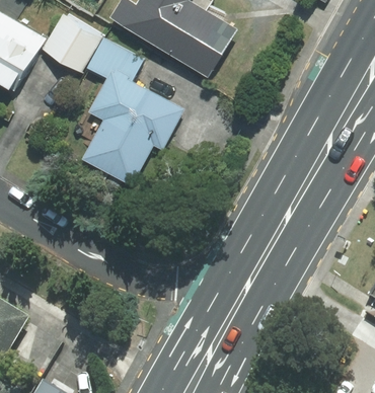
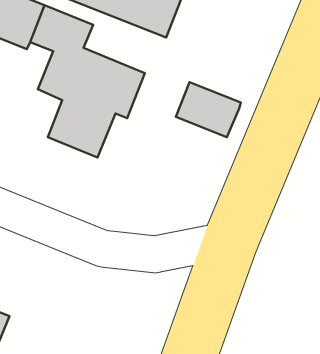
building: none -> [176,82,241,137]

